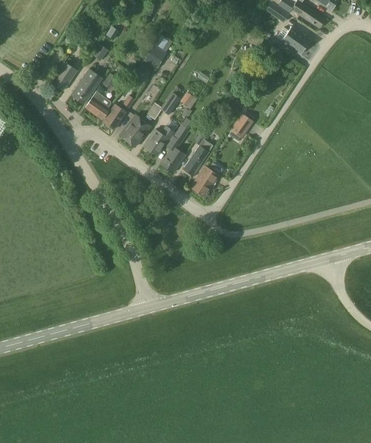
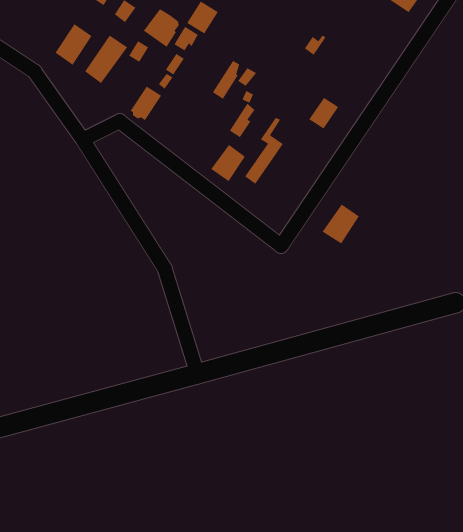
building: [85,92,111,120] -> [143,8,180,48]
building: [120,115,150,147] -> none
building: [144,127,174,155] -> none
building: [191,167,218,196] -> [322,203,360,245]

